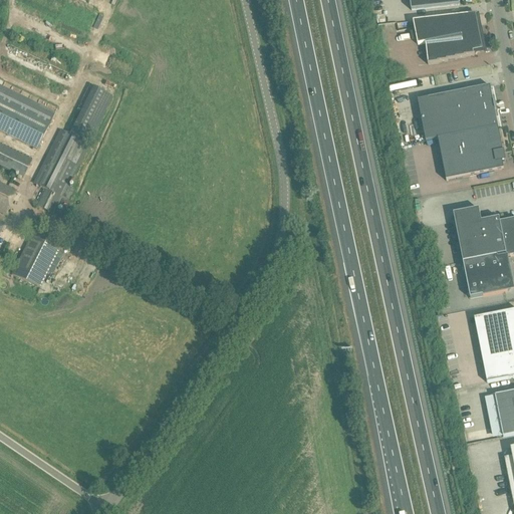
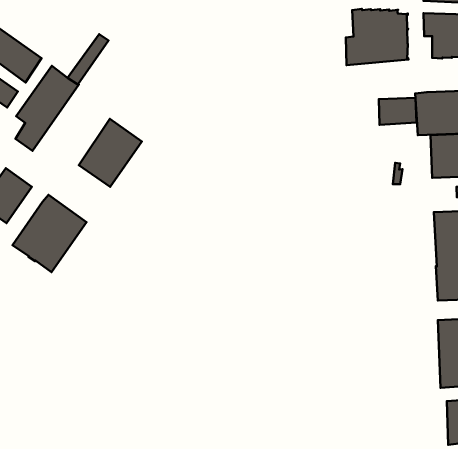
building: none -> [346,9,408,65]
building: none -> [379,98,417,125]
building: none -> [79,119,142,187]
building: none -> [13,195,86,272]

